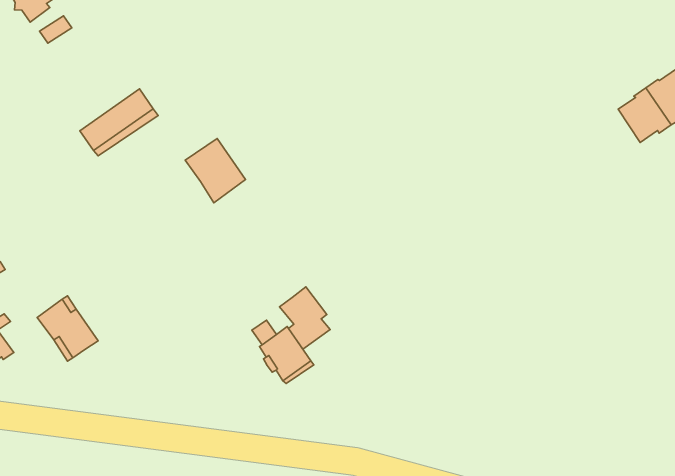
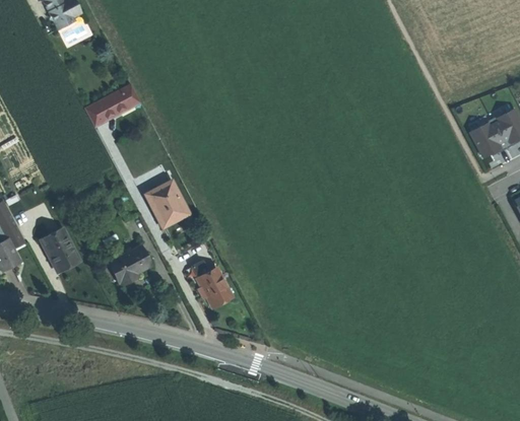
building: [185,138,246,203] -> [145,180,187,225]
building: [280,287,330,349] -> none
building: none -> [108,247,151,287]

